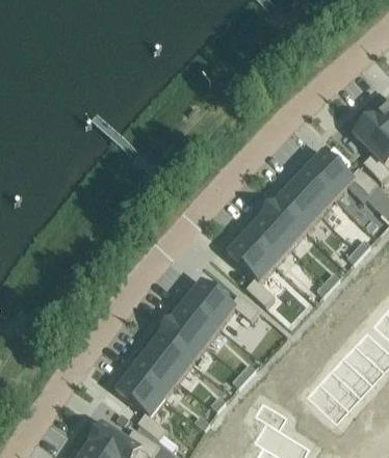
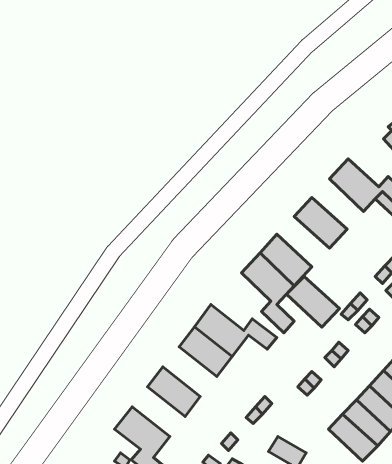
building: [290,169,336,214] -> none
building: [259,203,306,247] -> [287,277,340,327]
building: [158,318,206,361] -> none
building: [131,353,178,397] -> none

